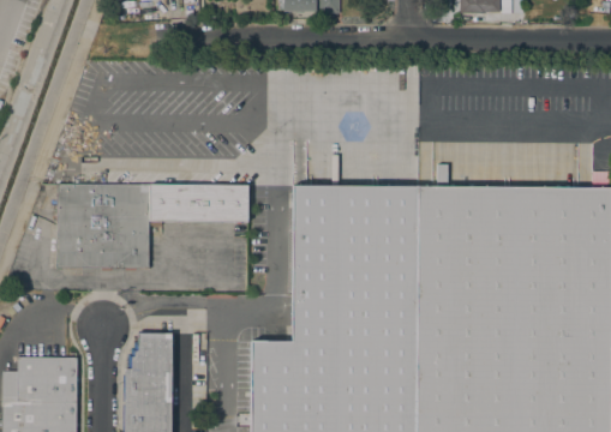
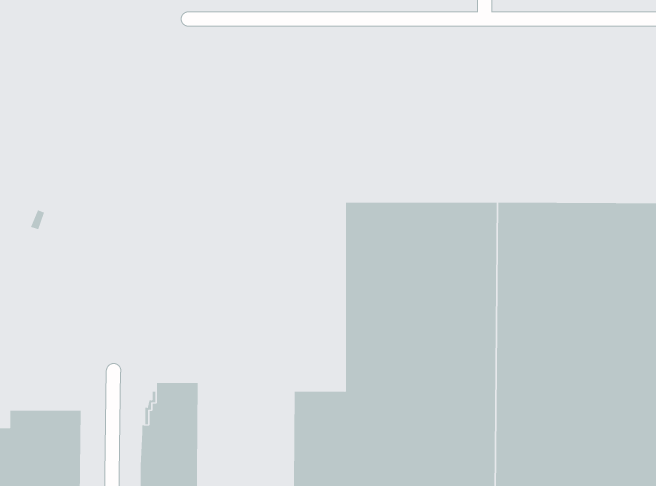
building: [56,184,248,269] -> none

